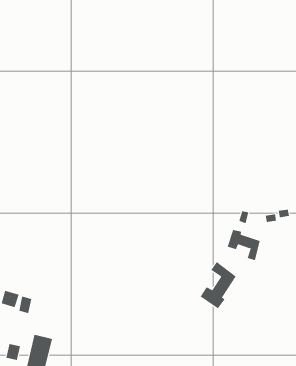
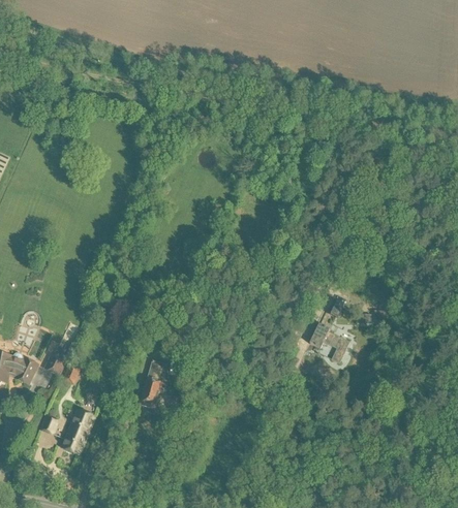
building: [200,261,237,309] -> none
building: none -> [142,360,167,407]

